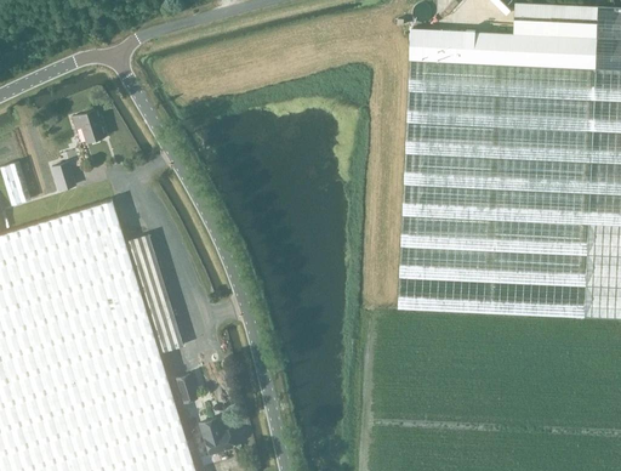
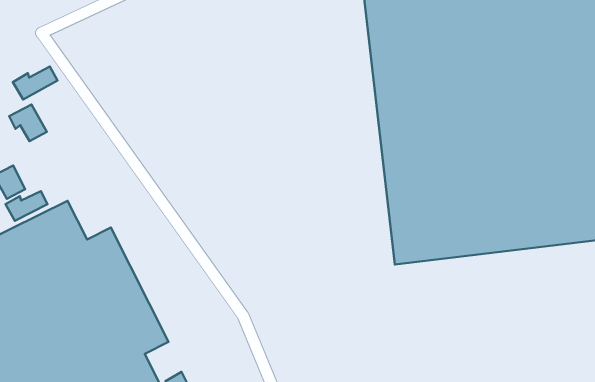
building: none -> [13,67,58,99]
building: none -> [6,191,47,221]

